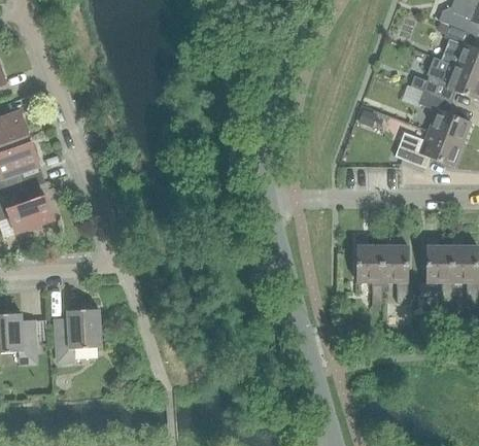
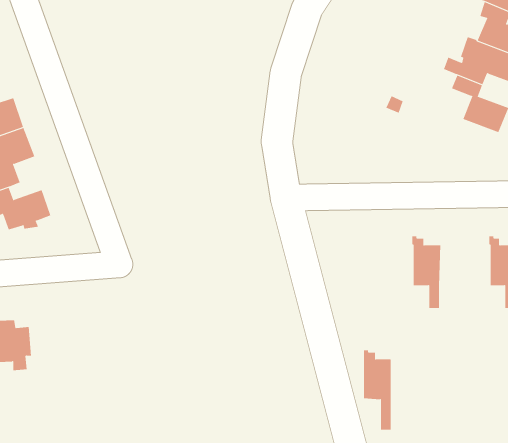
building: [394,131,460,166] -> none
building: [356,237,382,310] -> [363,350,392,430]
building: [425,237,452,303] -> none
building: [54,308,101,362] -> none

